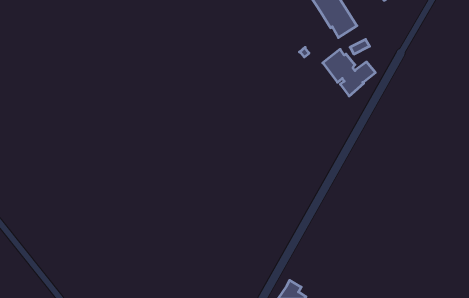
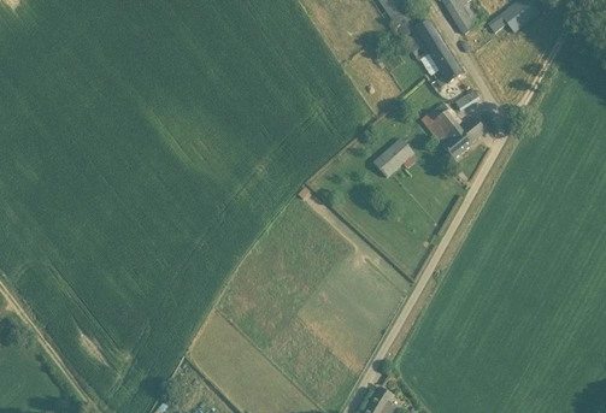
building: none -> [372,138,413,178]

